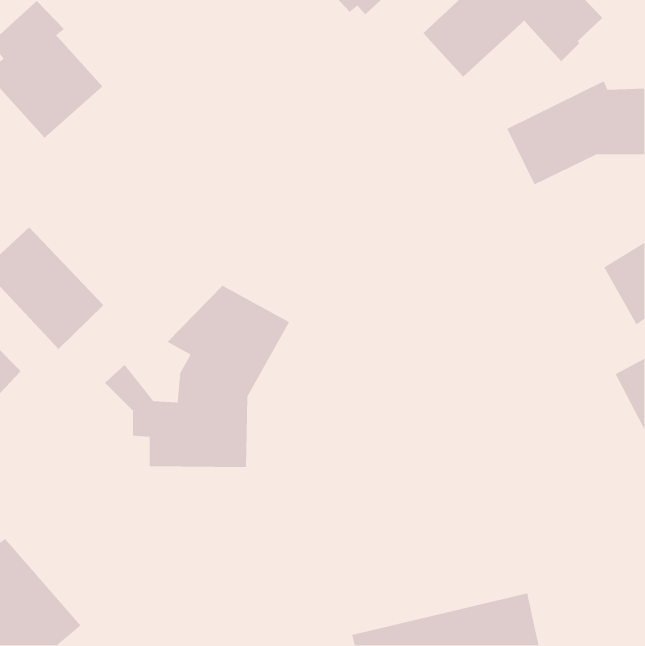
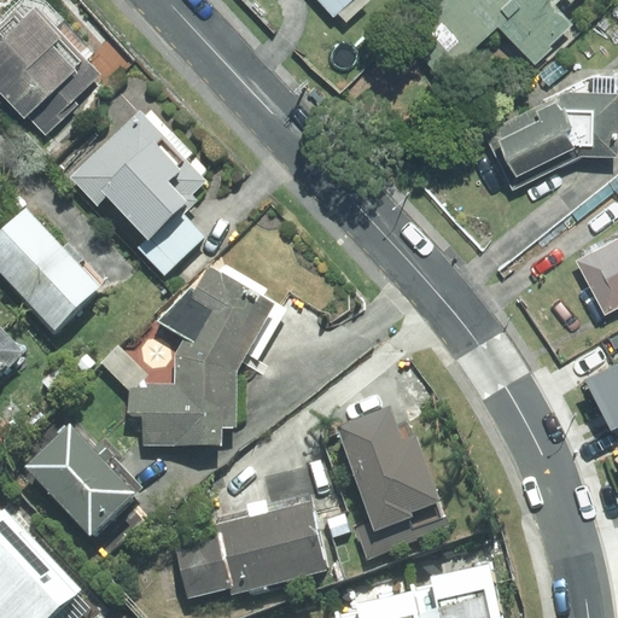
building: none -> [68,111,205,244]
building: none -> [337,412,445,534]
building: none -> [25,427,134,537]
building: none -> [170,503,328,599]

